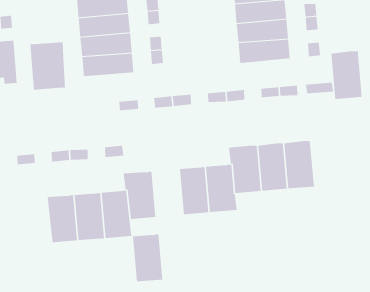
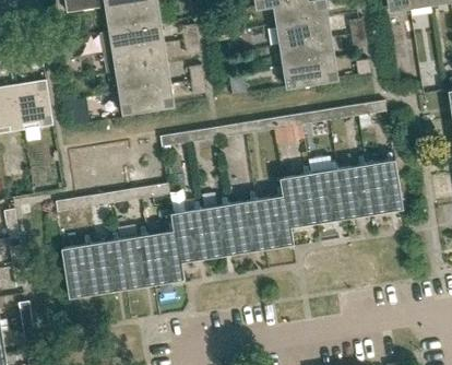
building: [30,41,66,91] -> none
building: [330,50,363,99] -> [366,160,403,213]
building: none -> [62,244,100,297]
building: [132,234,163,282] -> [201,204,237,257]

